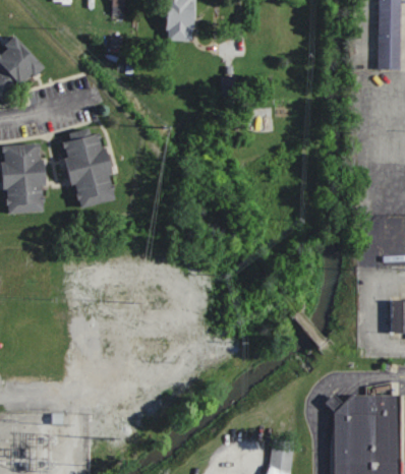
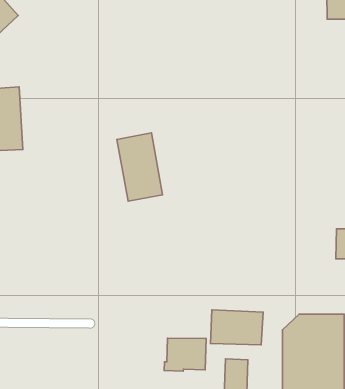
building: [66,135,116,210] -> [117,133,163,201]
building: none -> [211,310,263,345]
building: none -> [164,338,206,371]

